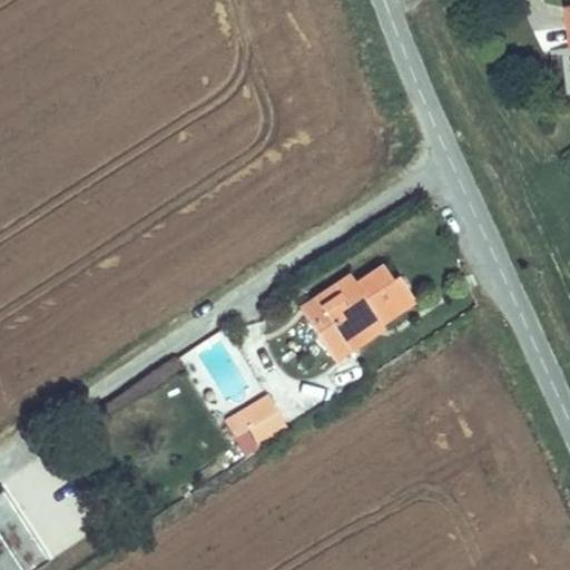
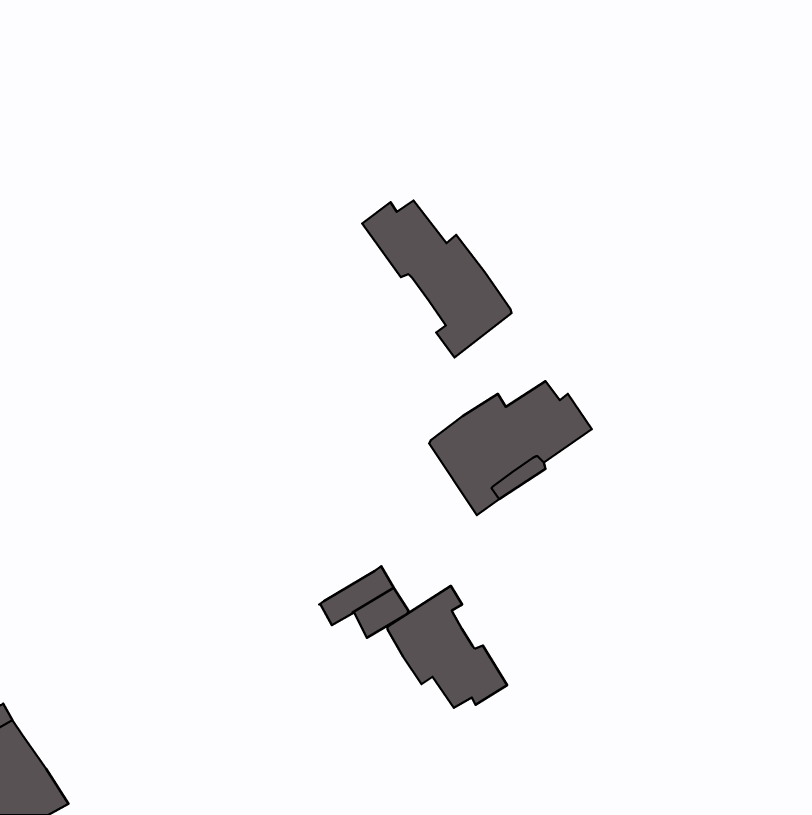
building: none -> [362,201,511,358]
building: none -> [387,586,507,708]

